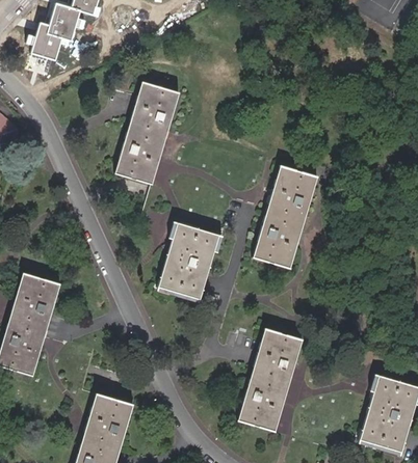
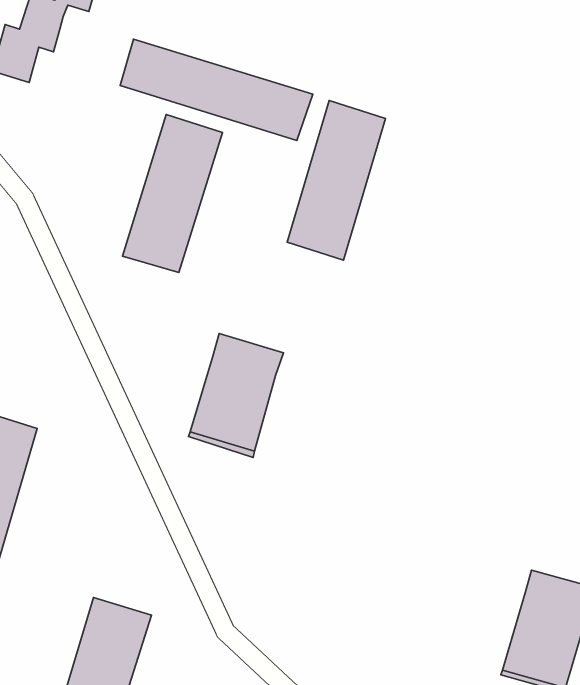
building: none -> [120,39,313,141]
building: [254,165,317,268] -> [287,101,385,260]
building: [239,328,303,432] -> none

